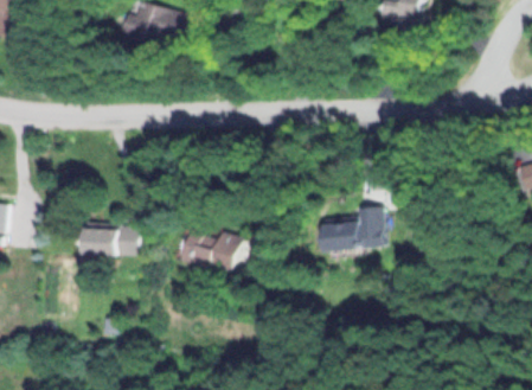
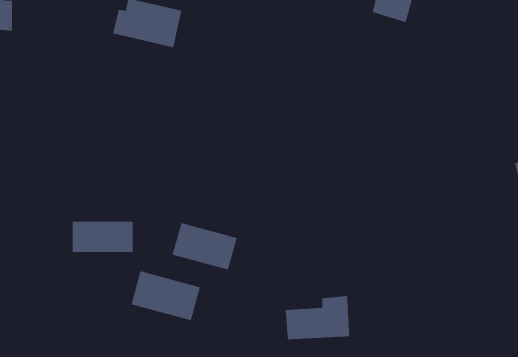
building: [320,206,385,251] -> [285,295,350,340]
building: none -> [131,270,201,321]

